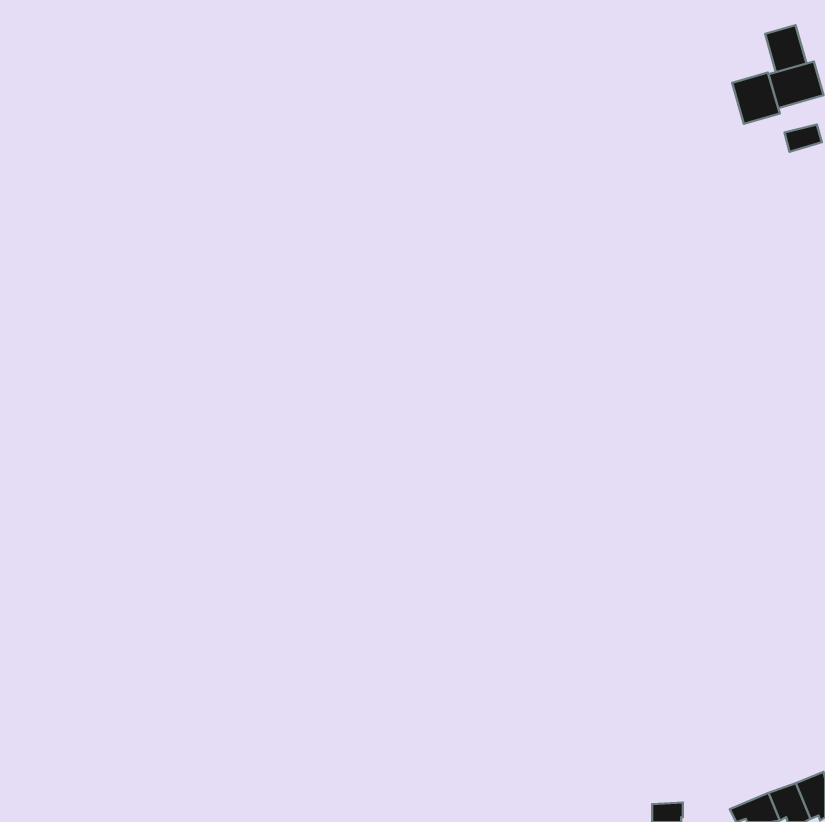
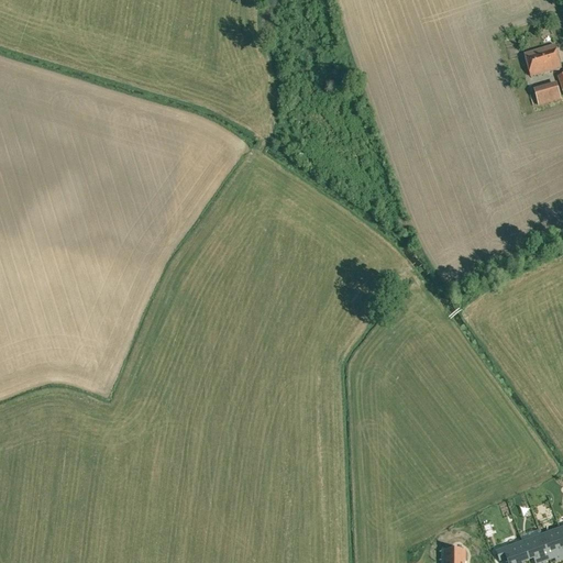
building: [765,25,806,72] -> none
building: [732,72,780,124] -> none

